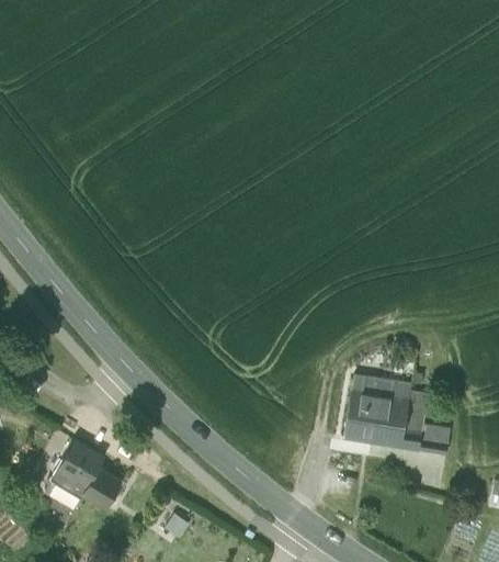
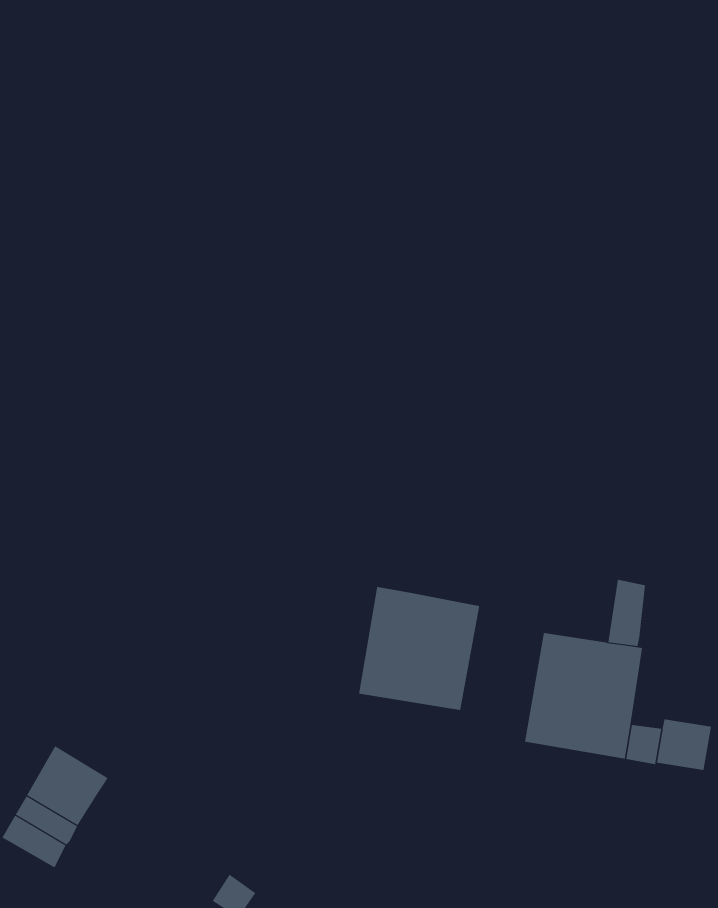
building: none -> [359,586,480,711]
building: [404,391,426,429] -> [608,579,646,646]
building: [82,468,122,507] -> none

